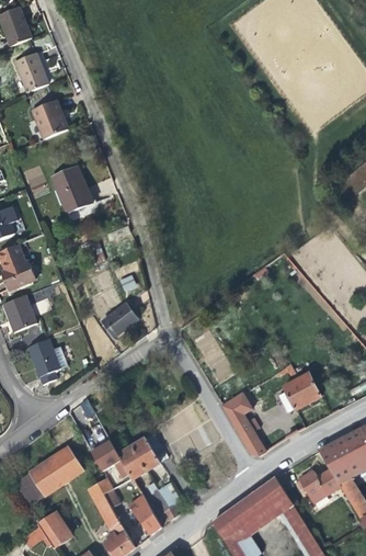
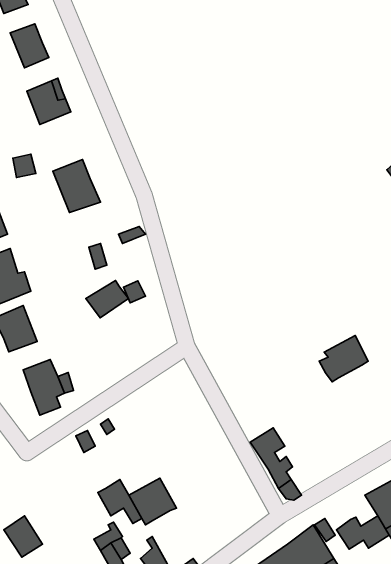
building: [105,305,141,337] -> [86,281,128,318]
building: [278,375,320,415] -> [319,335,368,382]
building: [30,445,84,495] -> none

